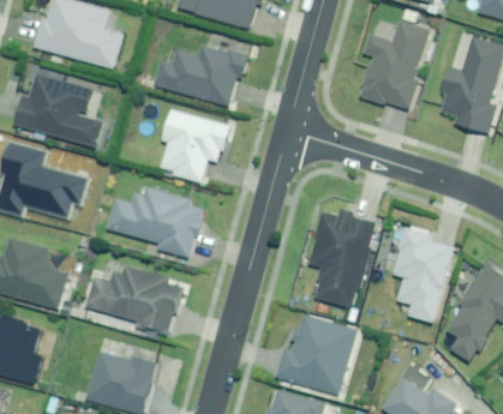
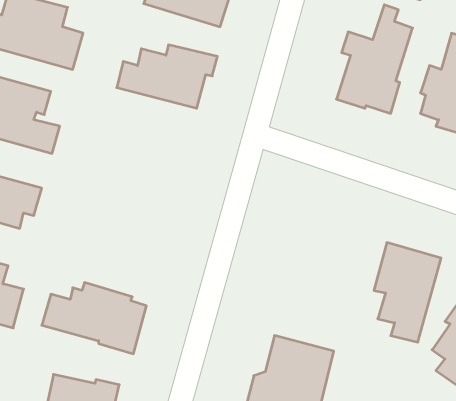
building: [160,109,228,181] -> none
building: [108,186,203,257] -> none
building: [309,212,377,307] -> none

